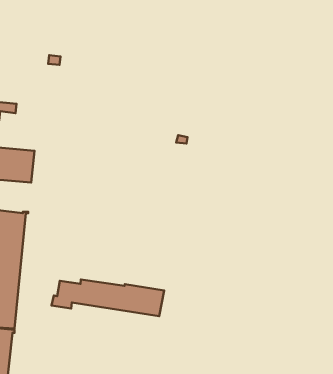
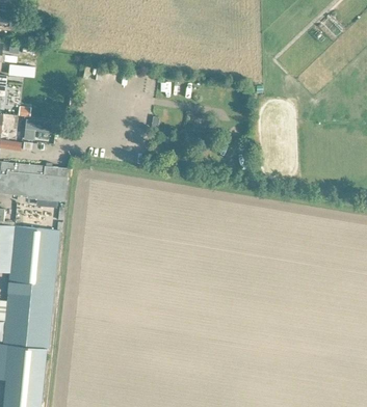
building: [52,279,164,316] -> none

